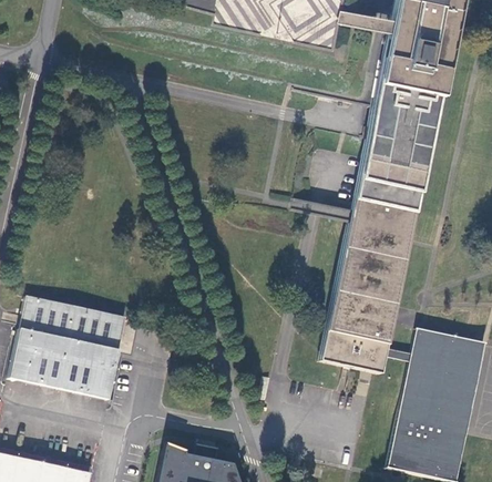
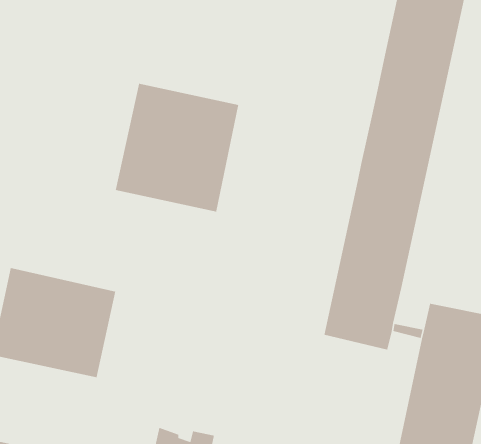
building: none -> [115,83,239,213]

